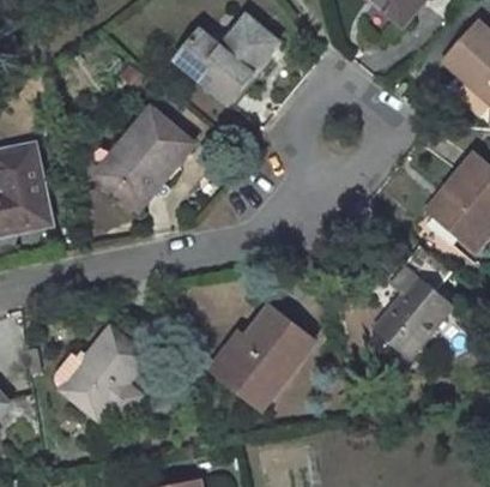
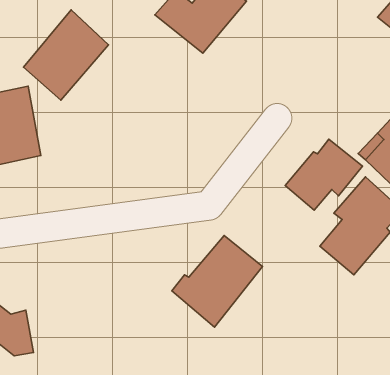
building: [95,107,190,209] -> [23,10,109,100]
building: none -> [285,139,363,210]
building: [52,324,146,415] -> none

